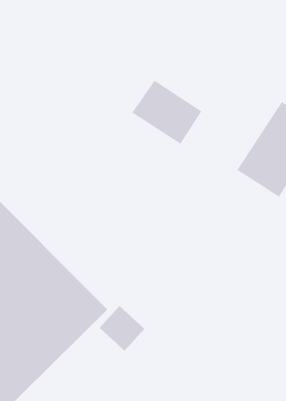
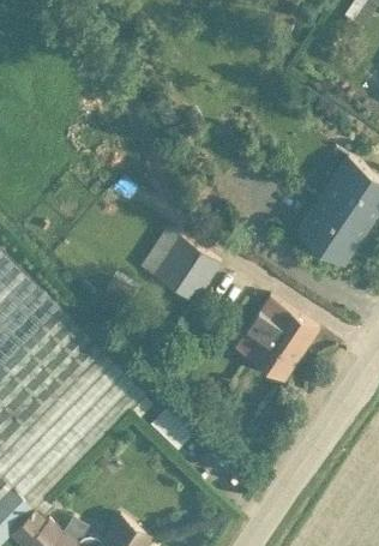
building: [131,80,202,144] -> [137,229,219,305]
building: none -> [234,298,315,379]

